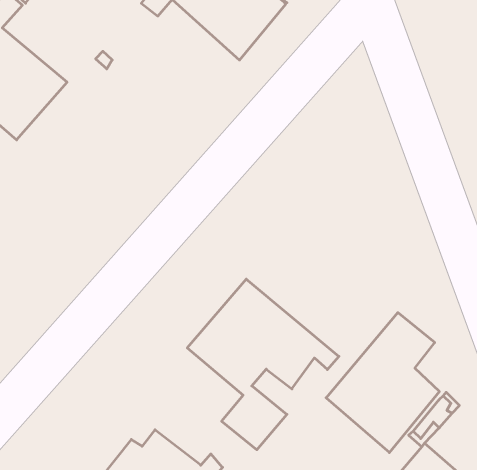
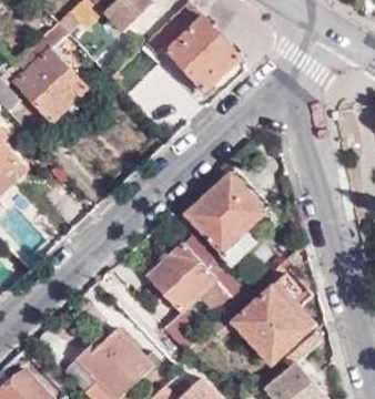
building: none -> [184,173,266,263]

